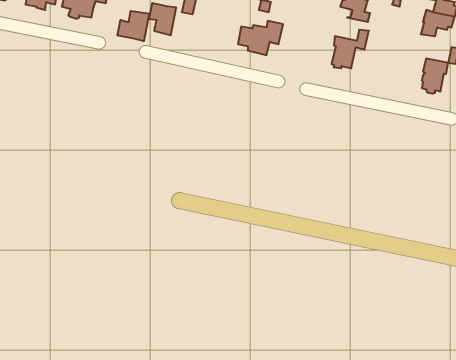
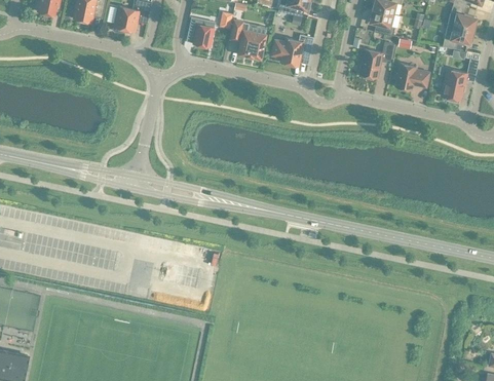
building: none -> [230,20,266,61]
building: [118,11,149,41] -> none
building: none -> [394,63,429,89]

